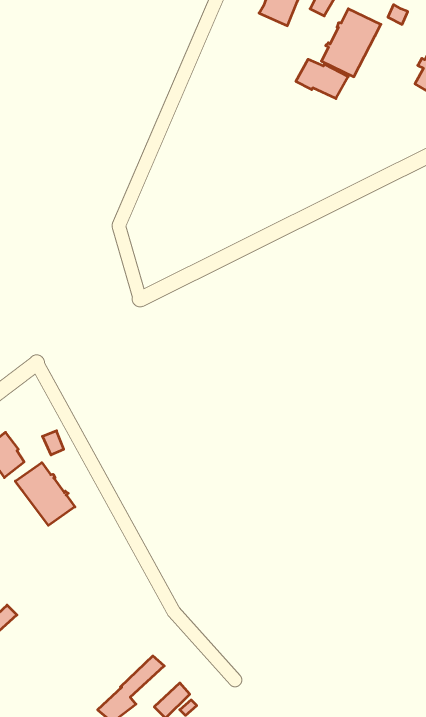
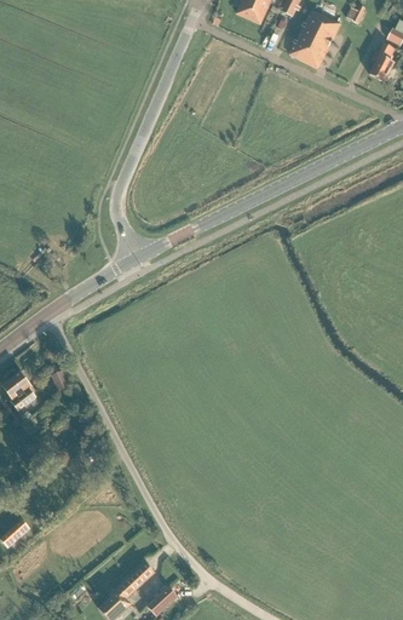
building: [296,59,348,99] -> none
building: [15,463,75,525] -> none

